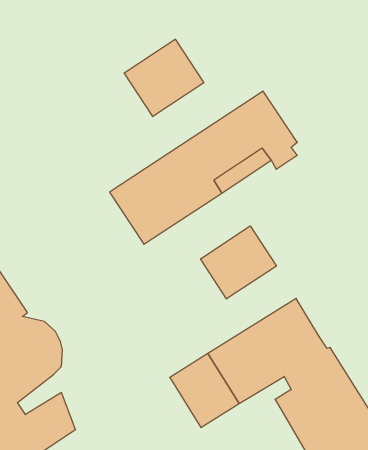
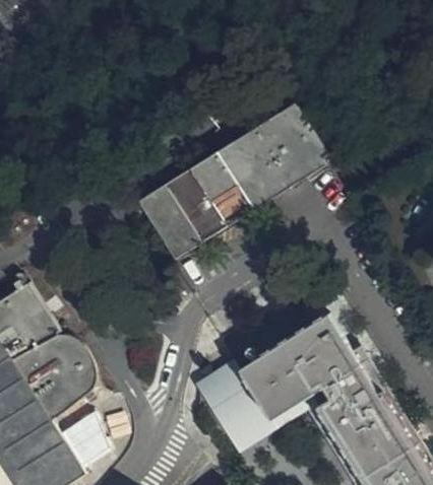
building: [124,39,204,117] -> none
building: [201,226,276,299] -> none

